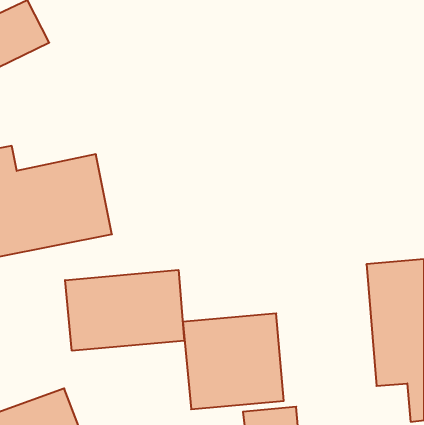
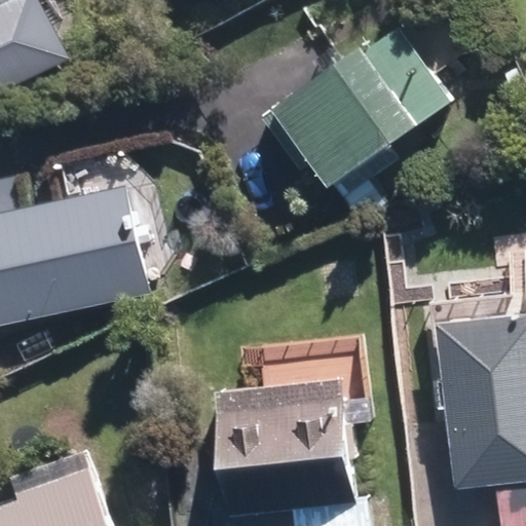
building: none -> [285,26,447,175]
building: [65,270,184,351] -> none

